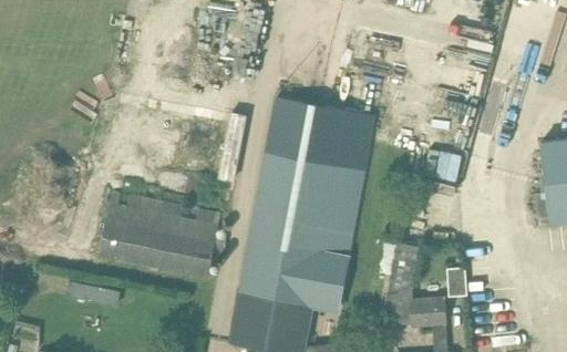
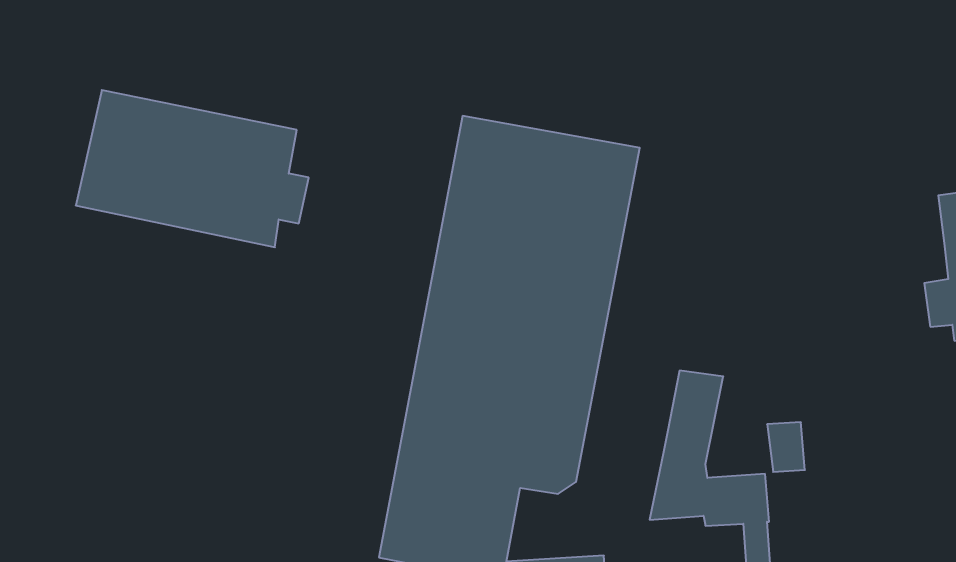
building: [97,191,227,279] -> [76,90,309,247]

